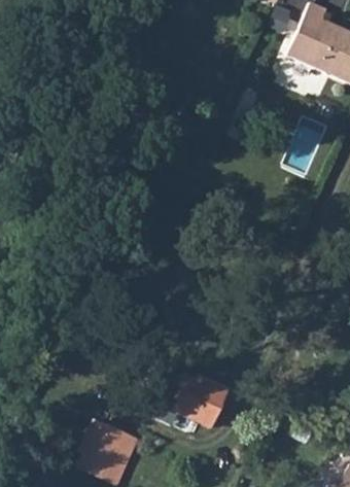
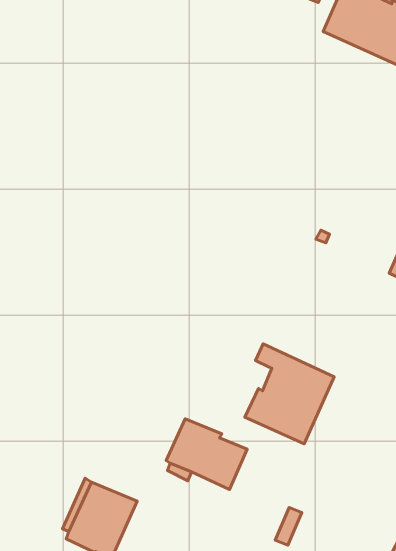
building: none -> [245,344,334,444]

